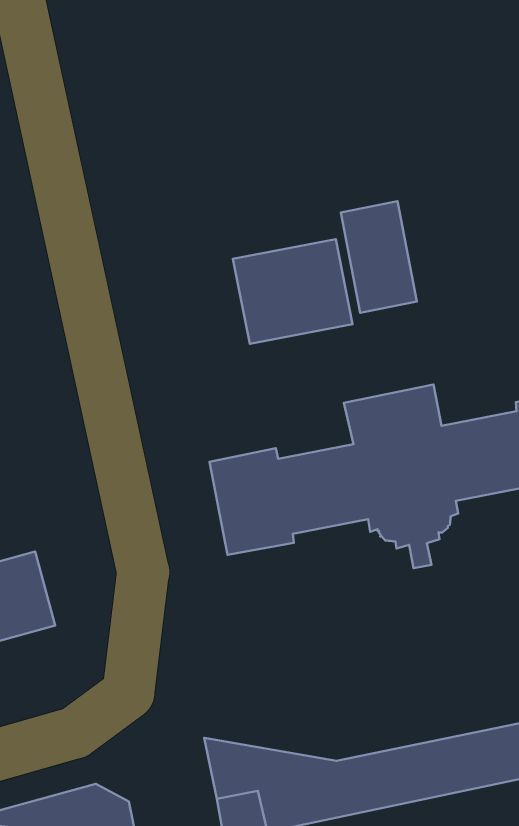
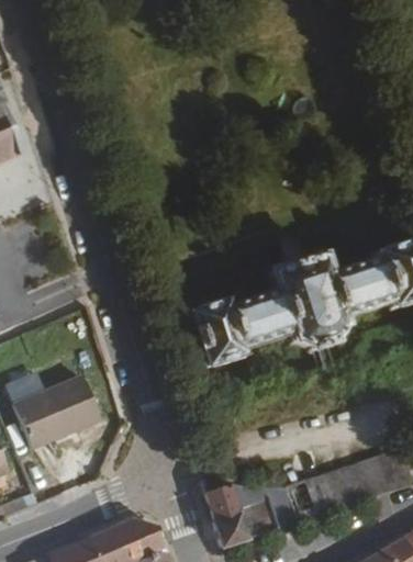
building: [341,201,417,313] -> none
building: [233,239,352,344] -> none

